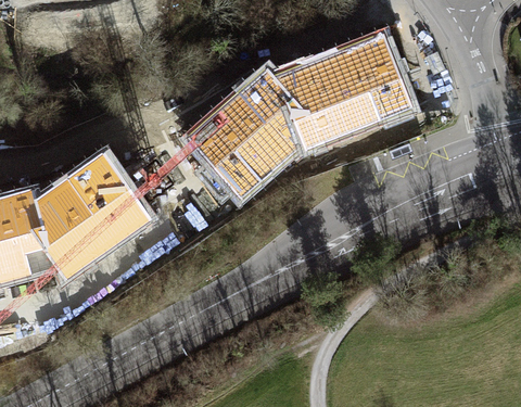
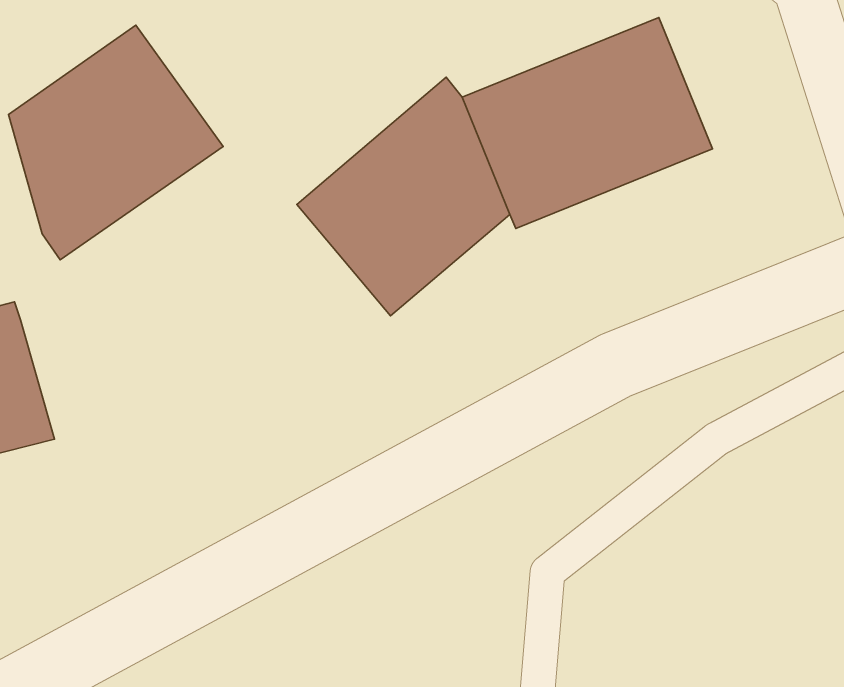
building: [37,149,154,277] -> [8,25,223,260]

